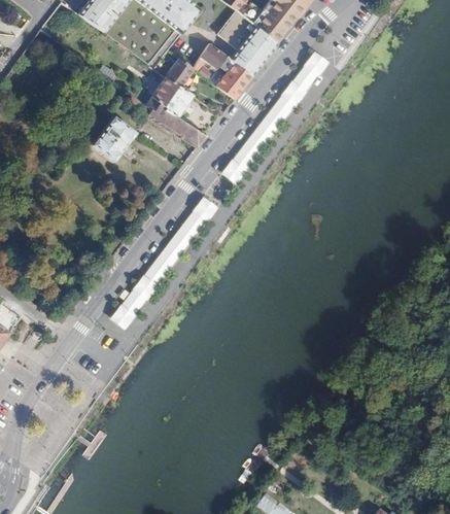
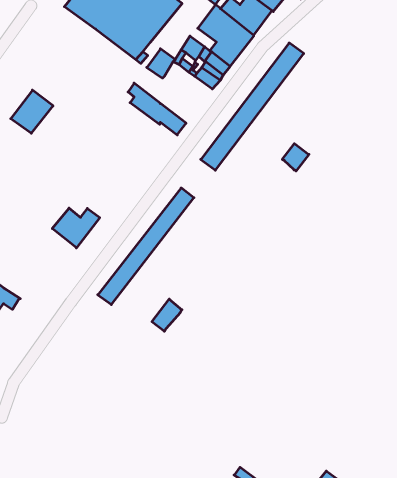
building: [150,76,192,114] -> none
building: [91,113,135,159] -> [11,90,53,133]
building: none -> [282,144,309,171]
building: none -> [52,208,100,248]
building: none -> [152,299,182,331]

